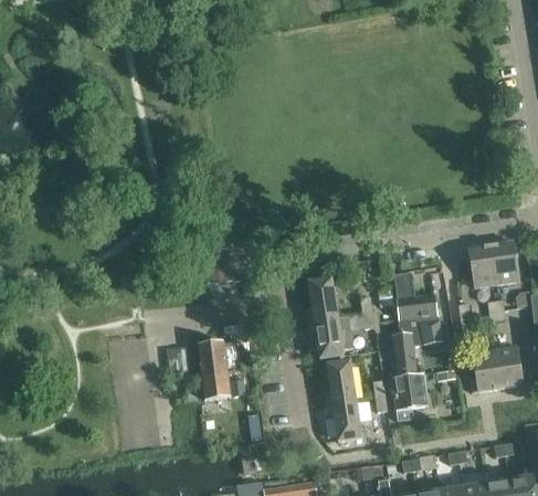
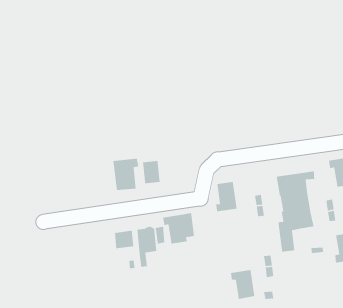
building: none -> [113,158,139,191]
building: [308,314,354,358] -> [162,212,195,244]
building: [325,360,356,403] -> none
building: [392,372,428,420] -> none

